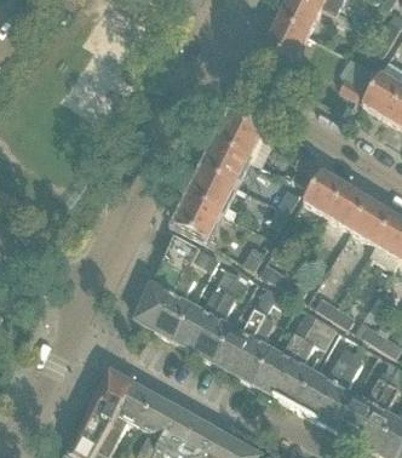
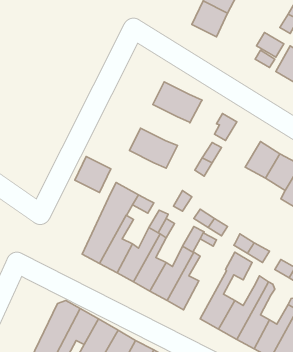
building: [203,139,260,188] -> none
building: [303,168,345,213] -> none
building: [177,194,219,236] -> [75,157,111,193]
building: [254,330,305,393] -> none

